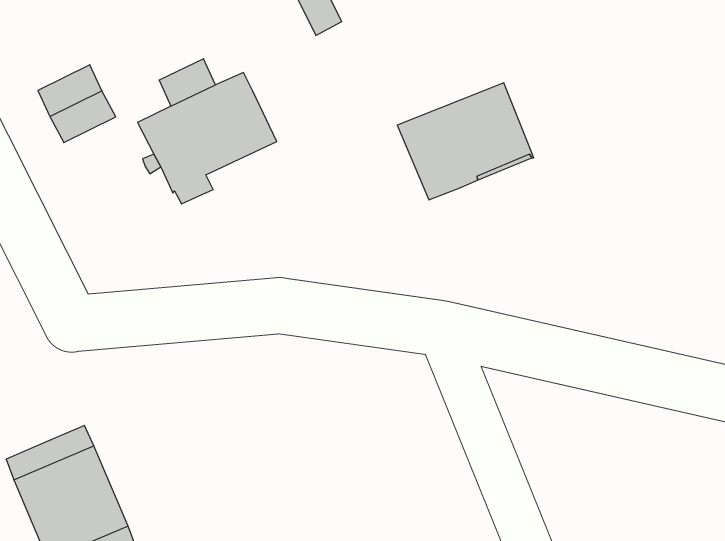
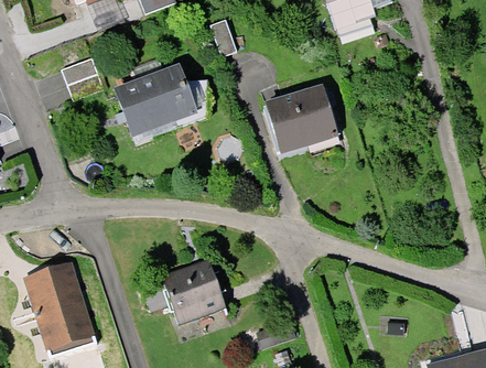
building: none -> [162,262,225,322]

